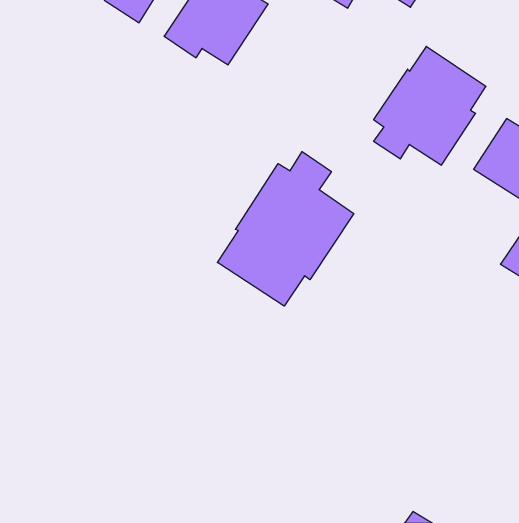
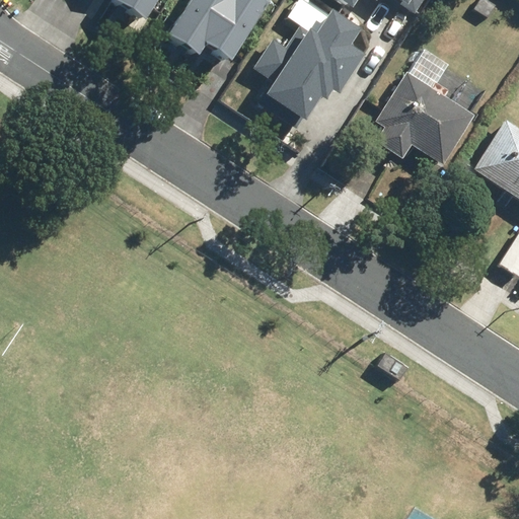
building: none -> [262,7,365,126]
building: [217,152,354,306] -> none

